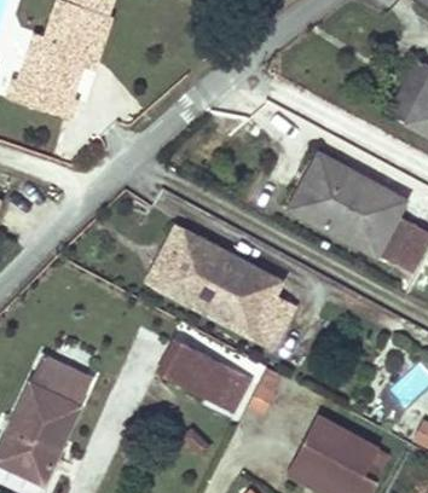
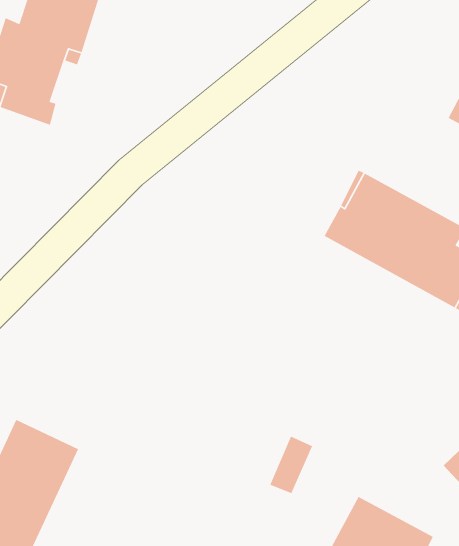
building: [148,225,294,344] -> none
building: [162,341,247,411] -> none

